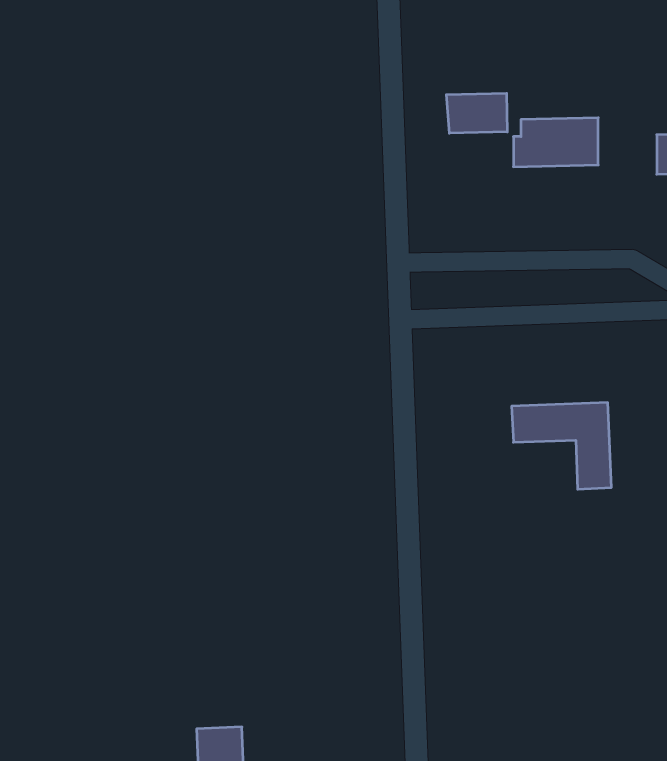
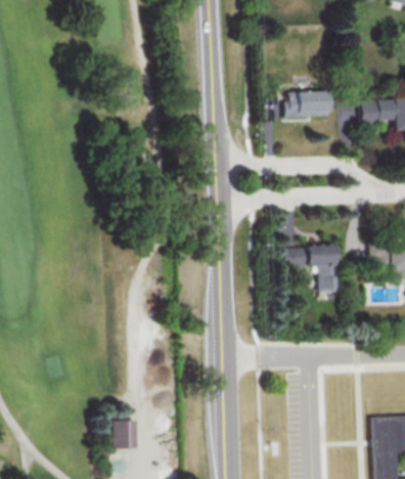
building: [446,93,507,133] -> none

